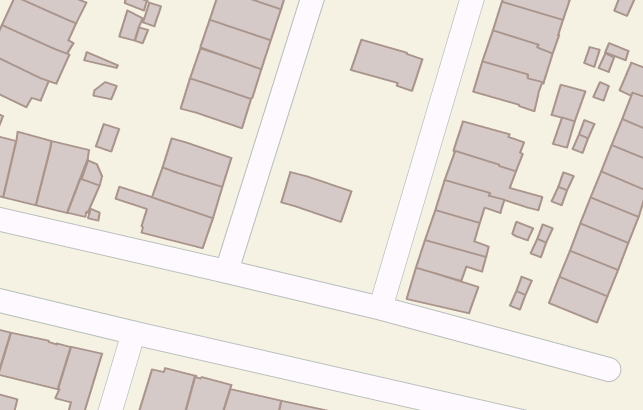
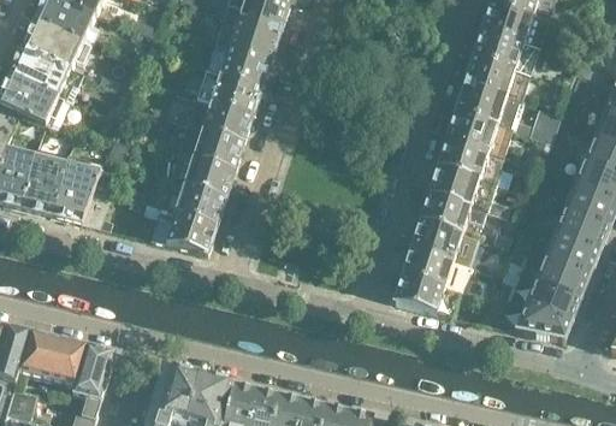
building: [351,40,423,91] -> [448,108,514,155]
building: [281,172,352,222] -> [179,124,244,170]
building: none -> [516,303,571,339]

